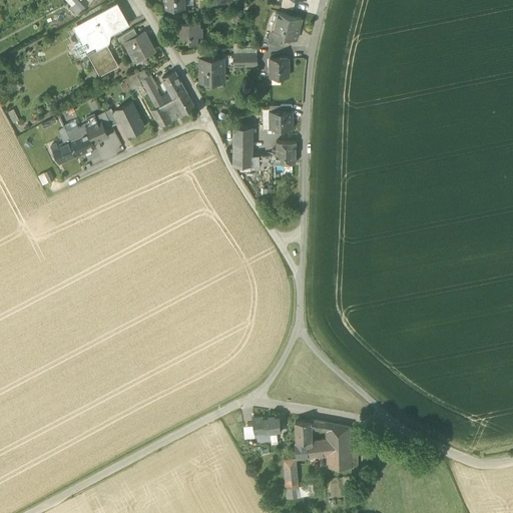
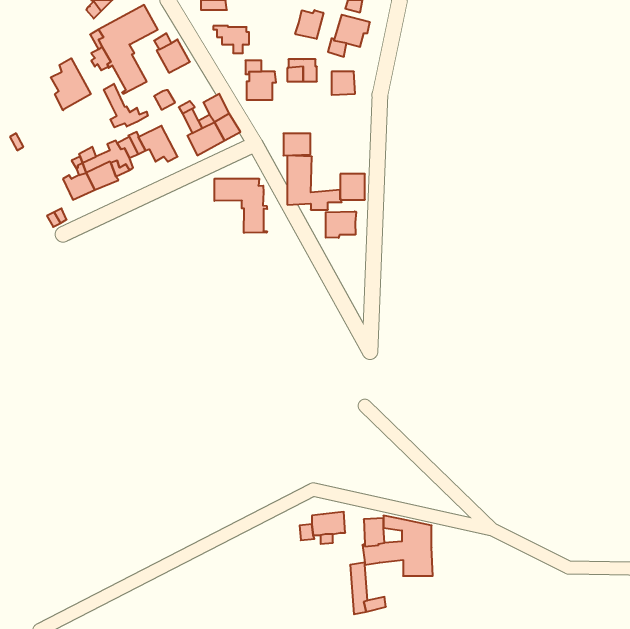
building: none -> [295,10,323,39]
building: none -> [51,58,91,110]
building: none -> [104,84,148,127]
building: [271,112,293,130] -> [283,133,310,156]
building: none -> [214,179,267,233]
building: none -> [326,211,356,238]

